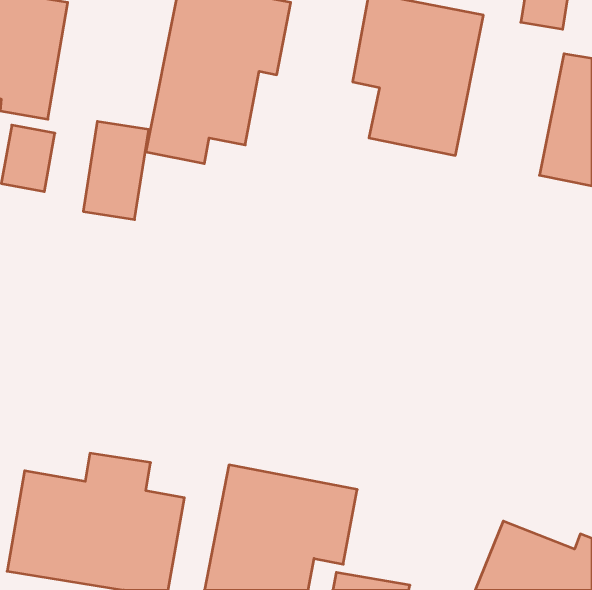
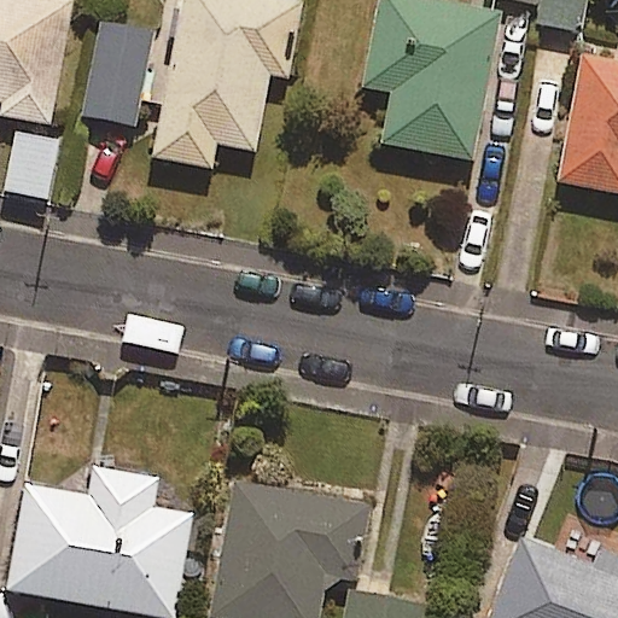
building: [83,121,149,220] -> [82,22,150,123]

